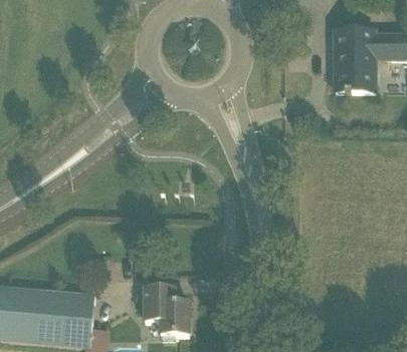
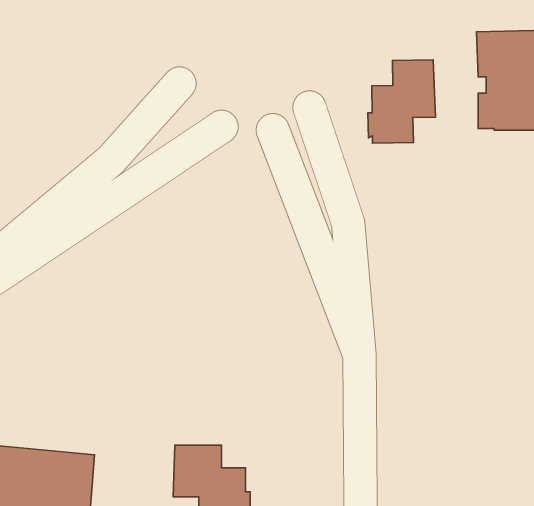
building: none -> [368,60,435,143]

